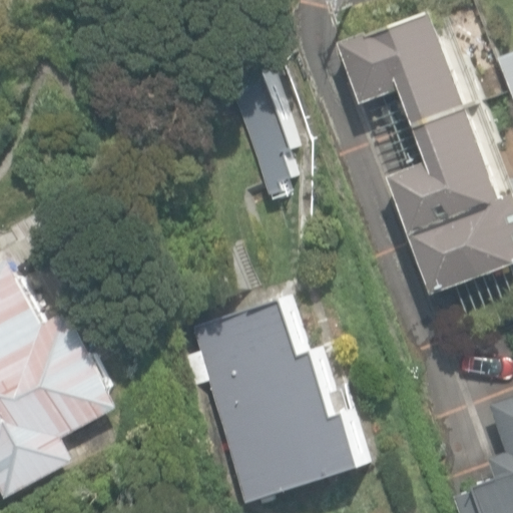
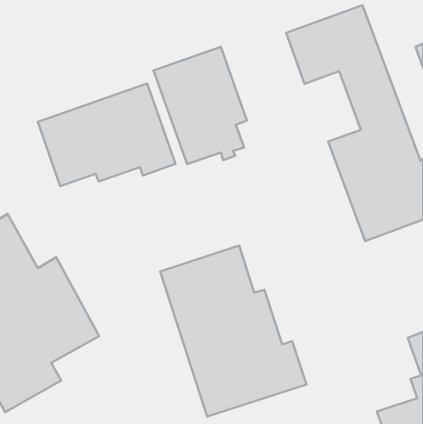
building: none -> [38,83,176,186]

